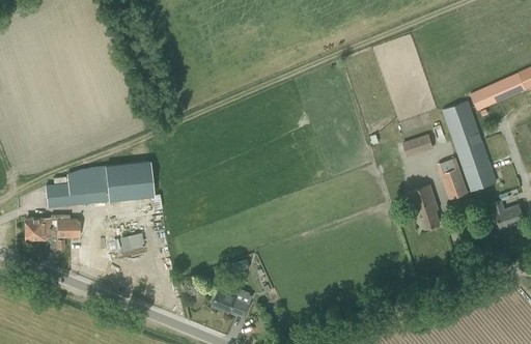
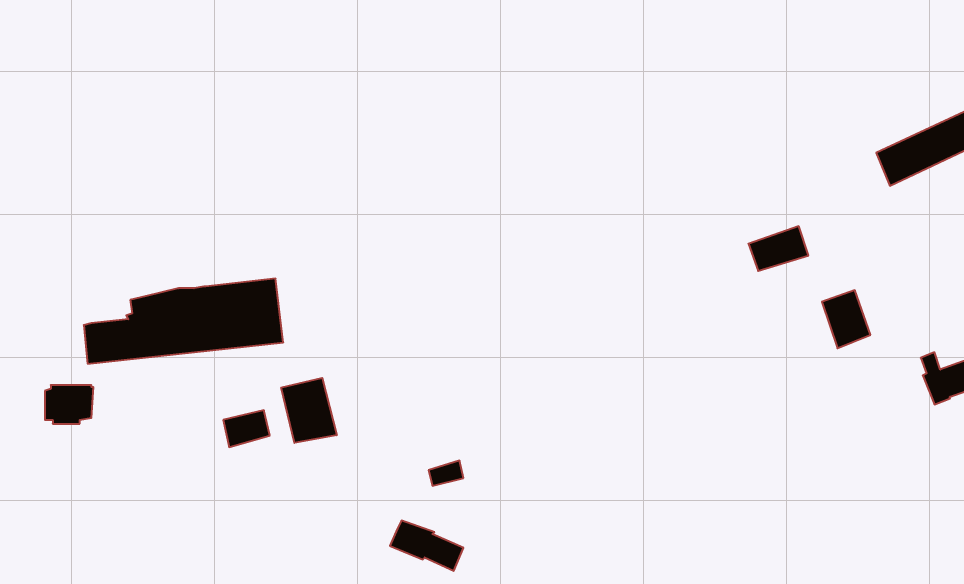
building: [442,101,495,191] -> none
building: [409,182,440,228] -> none
building: none -> [281,378,337,443]
building: [50,219,78,249] -> none

